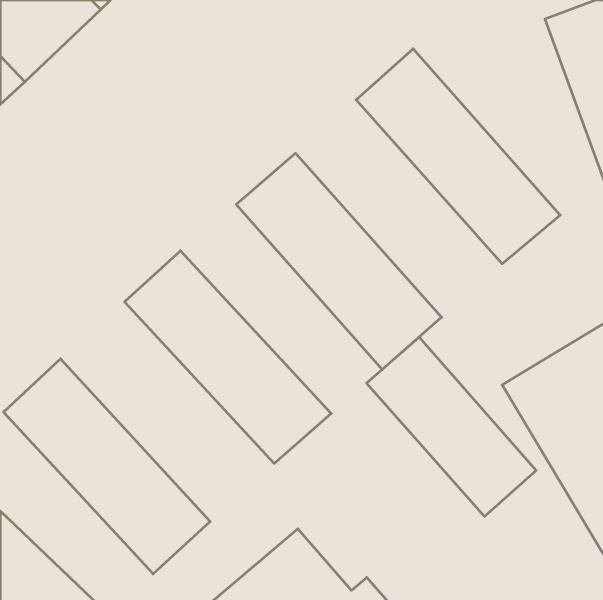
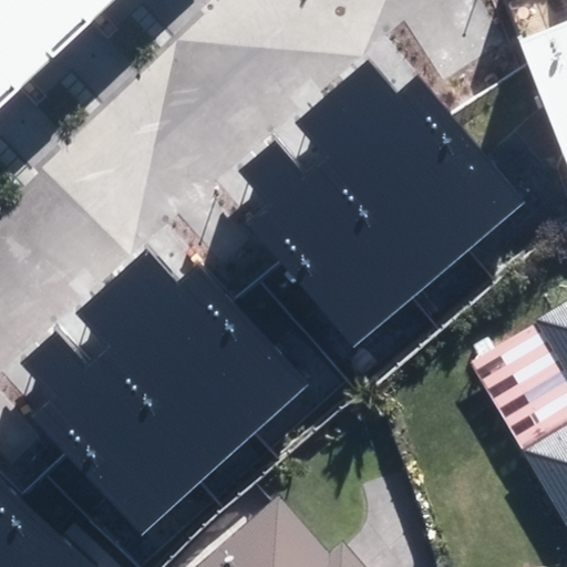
building: none -> [279,100,472,302]
building: none -> [60,288,259,493]
building: [367,337,536,516] -> none

